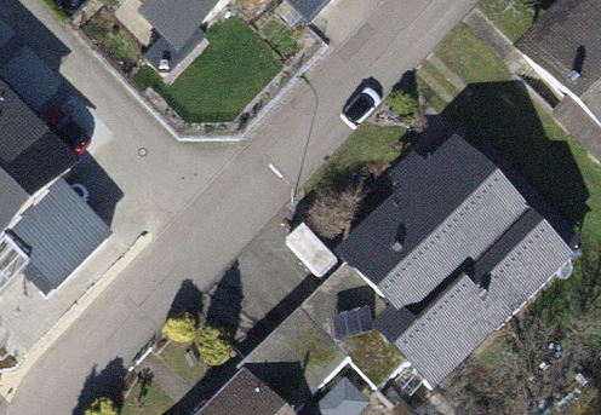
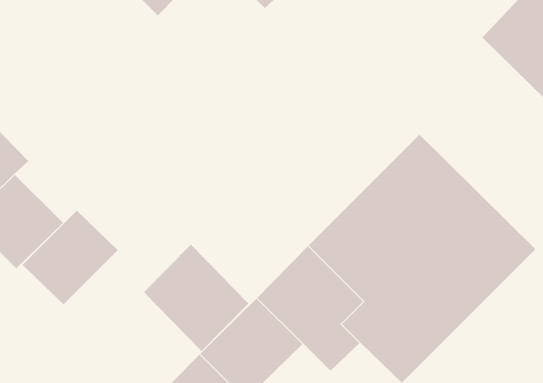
building: none -> [22,210,119,305]
building: none -> [143,244,249,352]

